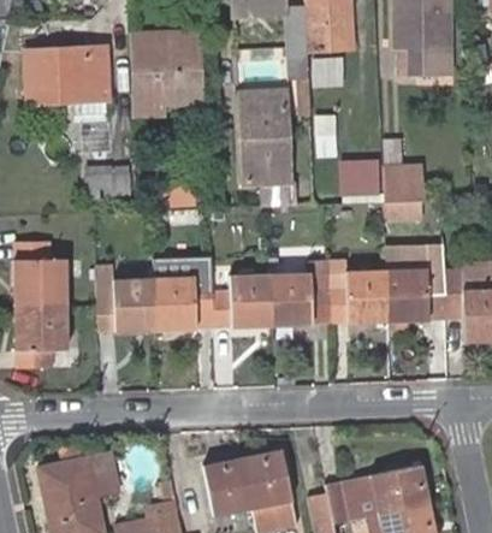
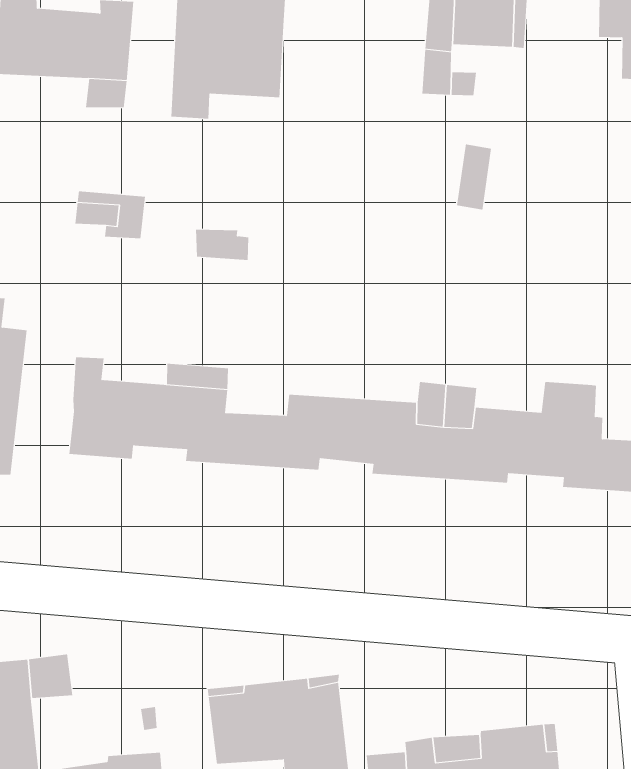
building: [243,96,291,189] -> none
building: [343,170,379,202] -> none
building: [385,170,425,201] -> none

